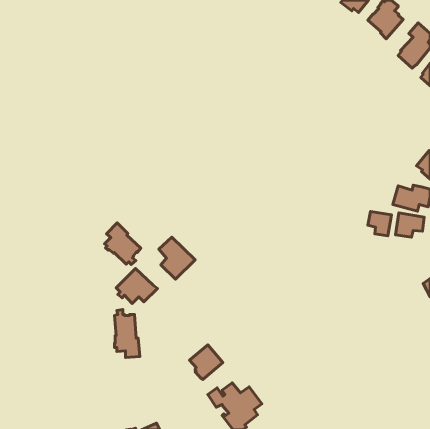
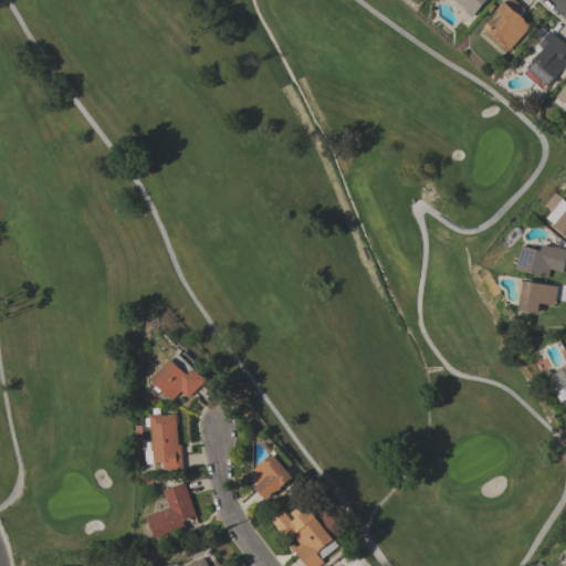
building: [368,212,391,236] -> none
building: [104,223,141,265] -> none
building: [159,237,195,279] -> none
building: none -> [147,483,196,539]

